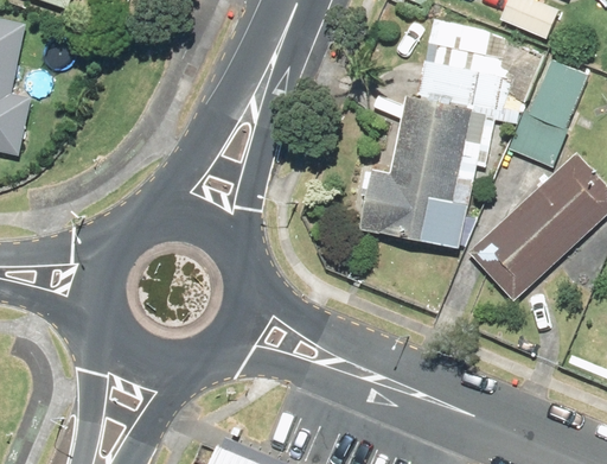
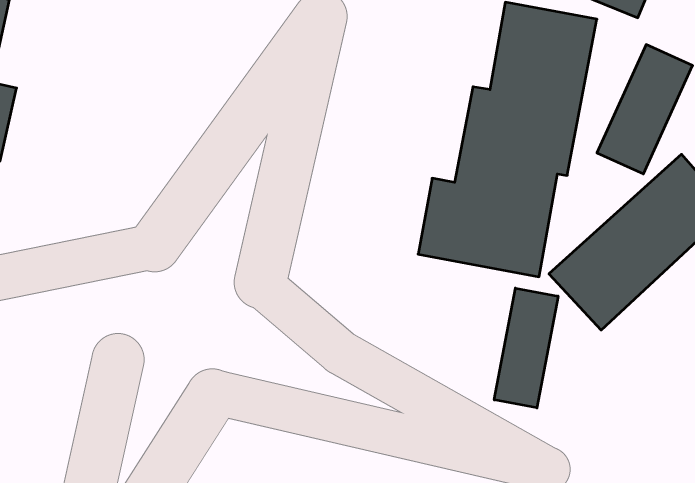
building: none -> [494,288,558,408]

